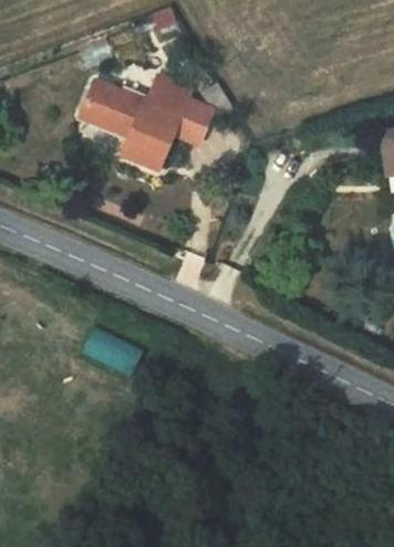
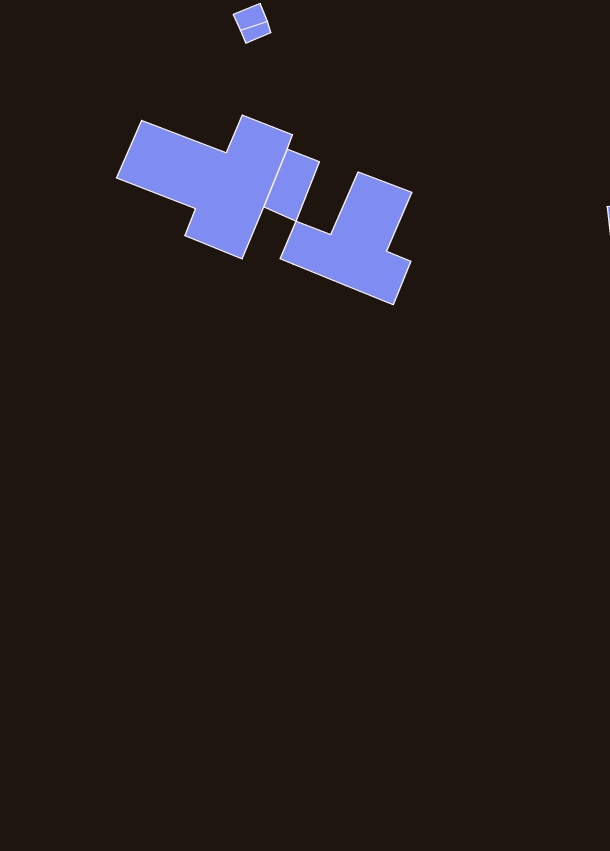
building: none -> [280,172,412,305]

